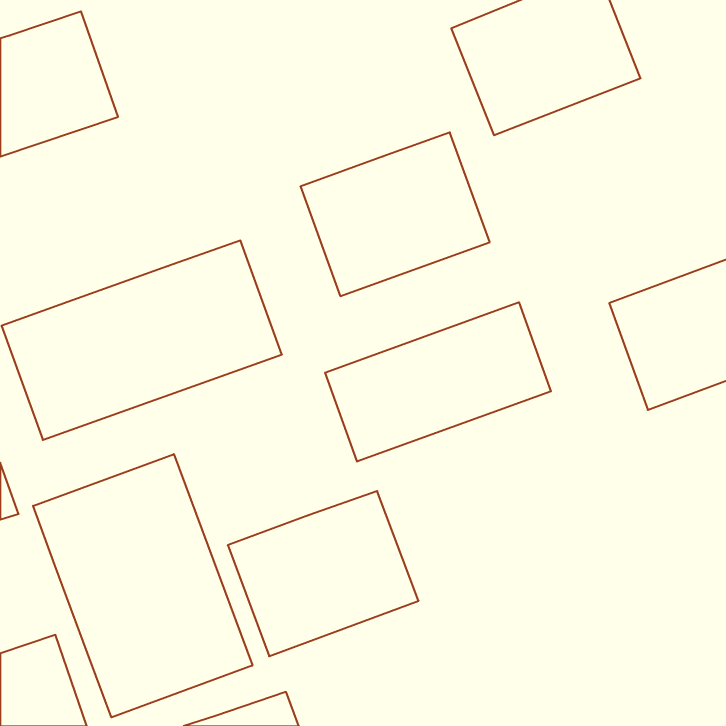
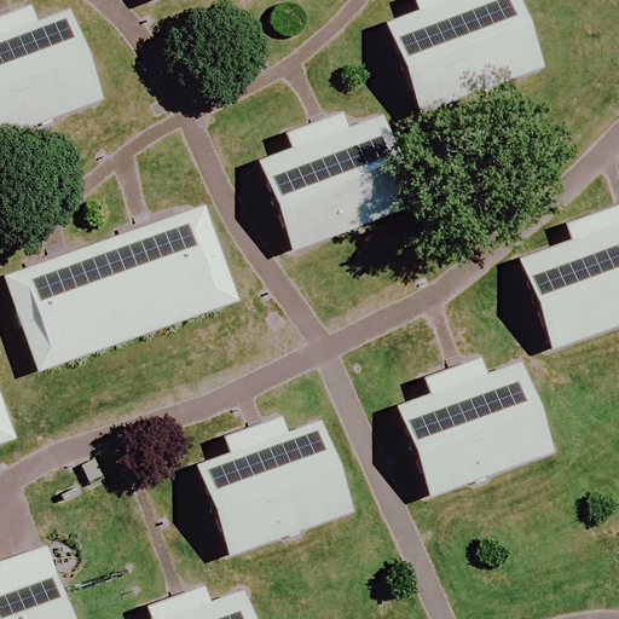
building: [325,302,551,462] -> none
building: none -> [397,358,556,496]
building: [33,454,252,717] -> none

